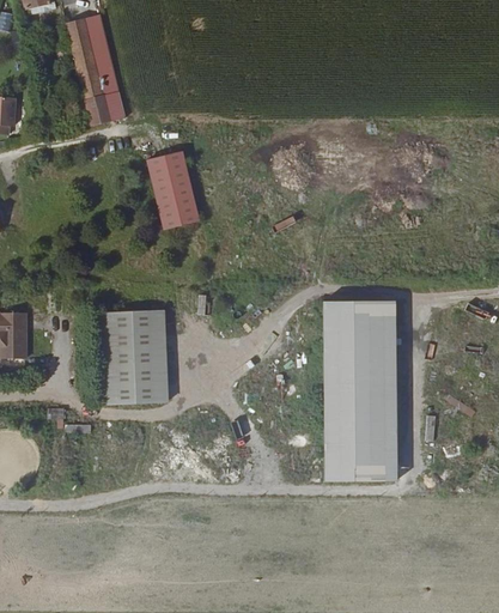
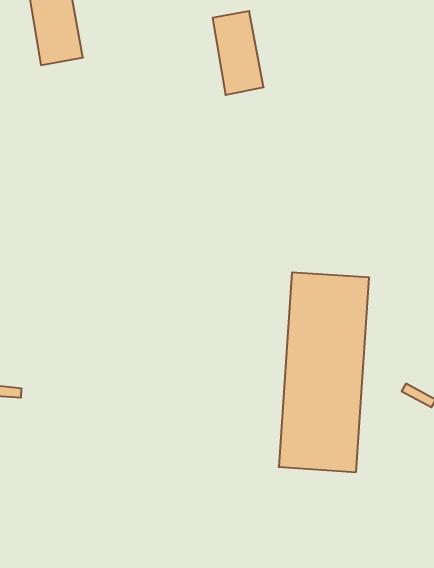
building: [141,146,193,225] -> [213,11,264,95]
building: [104,310,169,401] -> none

